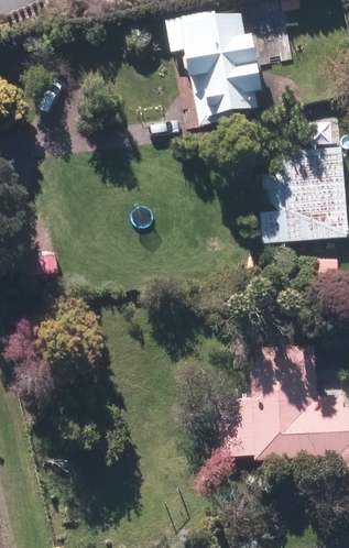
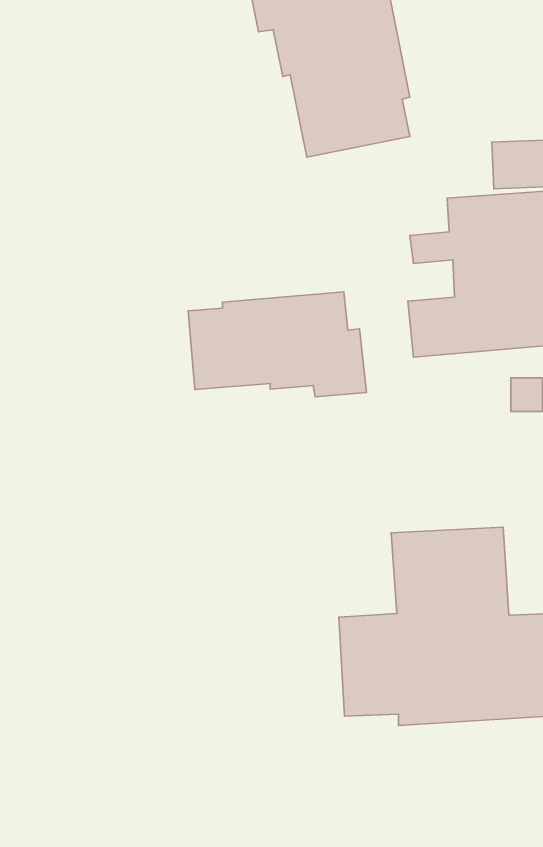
building: none -> [188,292,366,397]

